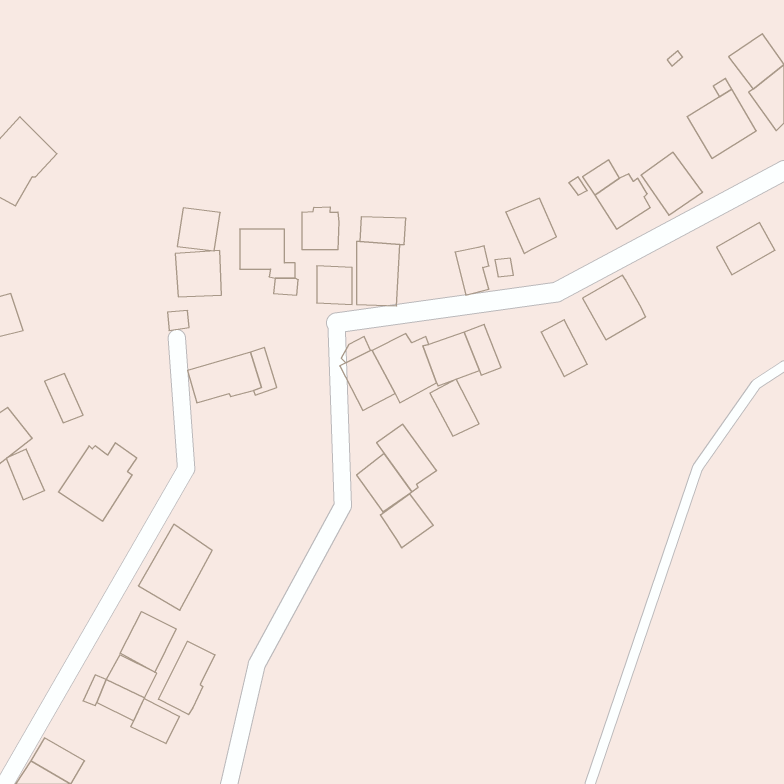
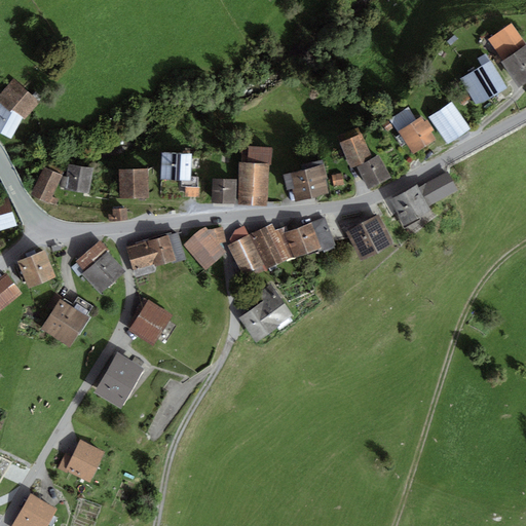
building: [302,207,339,250] -> none
building: [177,208,220,251] -> [64,163,92,192]
building: [717,223,775,275] -> [418,171,457,205]
building: none -> [355,154,389,188]
building: none -> [30,166,61,205]
building: none -> [283,168,311,201]
building: none -> [183,226,225,270]
building: none -> [75,239,124,294]
building: [430,379,479,436] -> [344,222,377,260]
building: none -> [128,299,172,344]
building: [6,449,45,500] -> [16,255,42,289]
building: [380,494,433,548] -> none
building: [120,612,176,672] -> none
building: [158,641,215,715] -> none
building: [131,699,179,744] -> none

